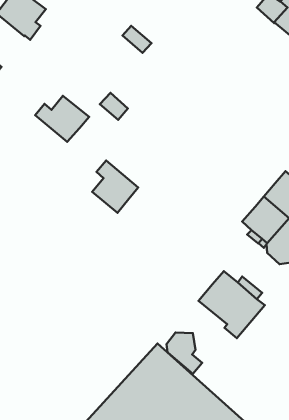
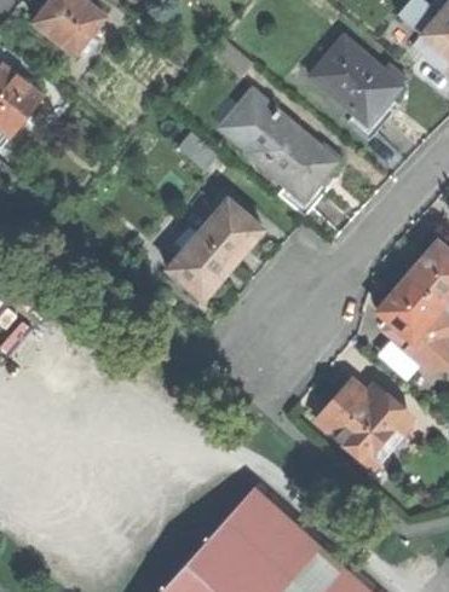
building: none -> [307,41,401,144]
building: none -> [224,94,339,216]
building: [35,96,89,142] -> [188,201,263,265]
building: [167,333,202,374] -> none

